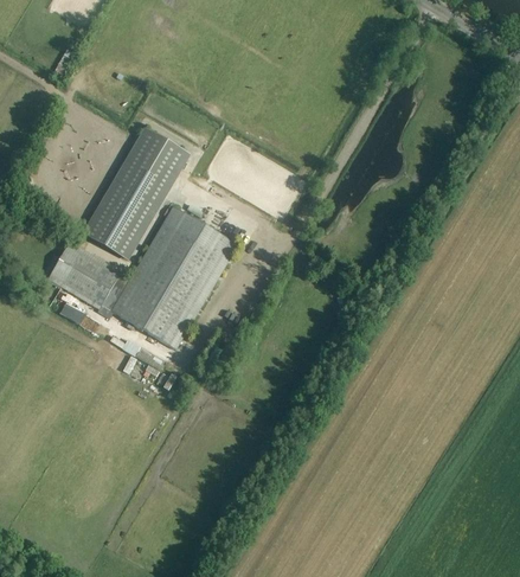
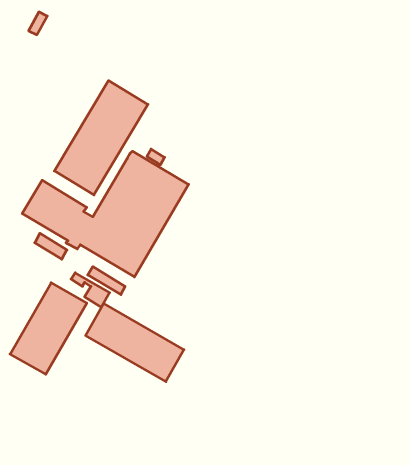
building: none -> [10,283,87,374]
building: none -> [86,304,184,382]

